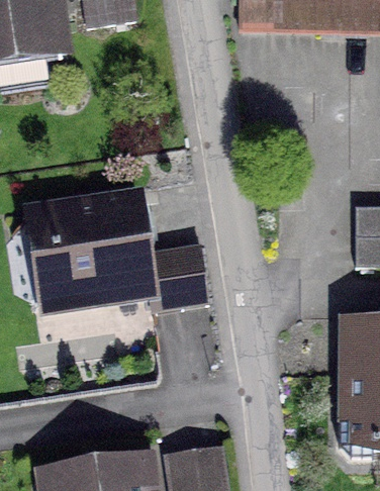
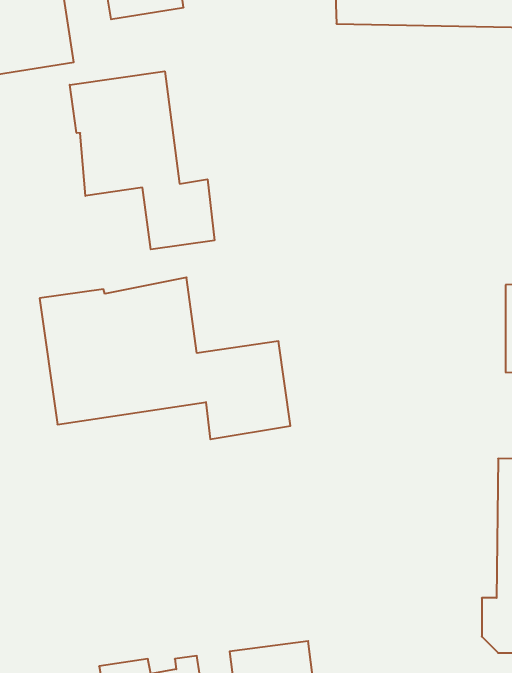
building: none -> [70,71,214,249]

